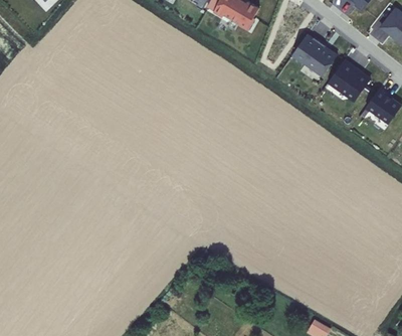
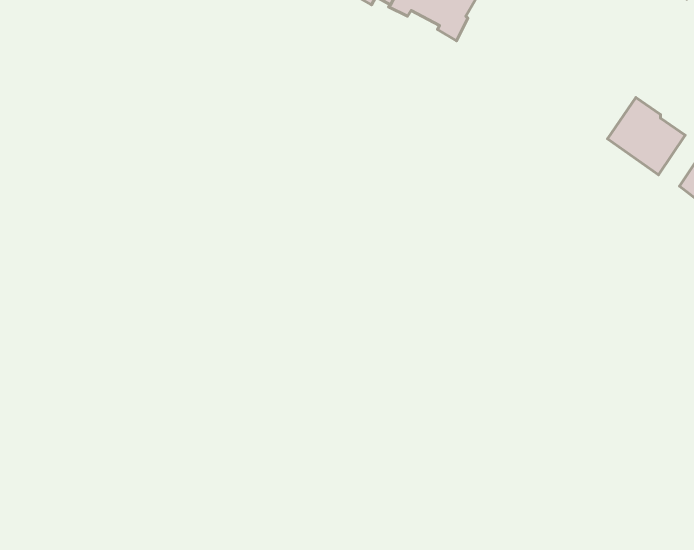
building: [289,35,334,75] -> none

